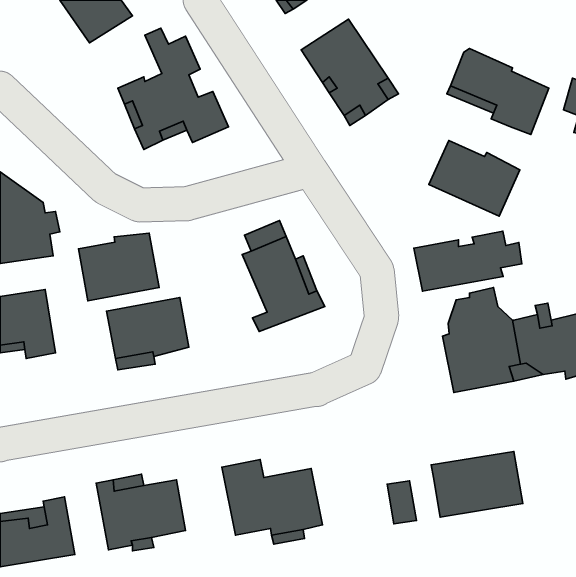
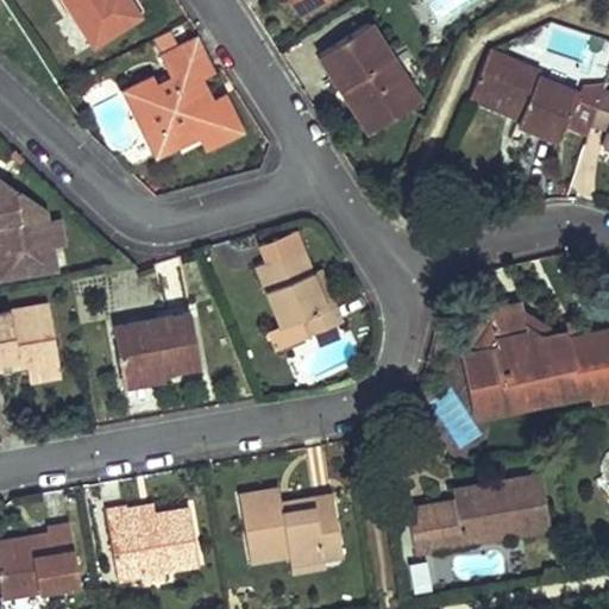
building: [429,141,520,216] -> none
building: [414,231,522,291] -> none
building: [78,233,159,301] -> none
building: none -> [433,503,465,548]

